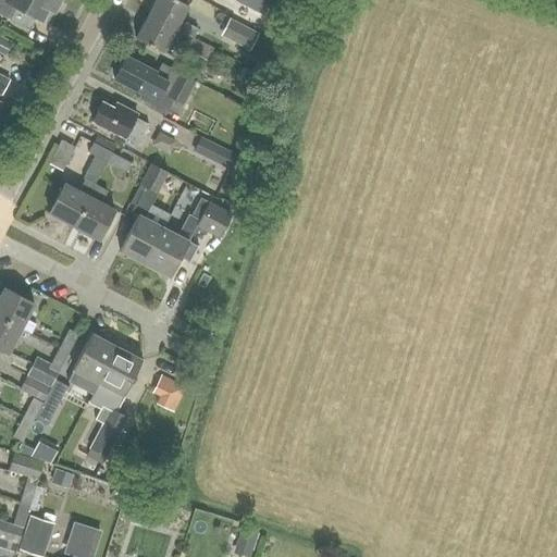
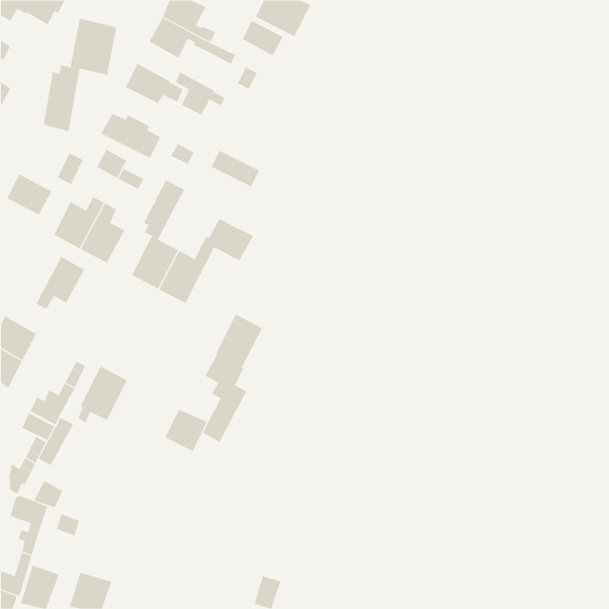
building: none -> [43,18,117,132]
building: none -> [7,173,52,215]
building: none -> [35,256,85,309]
building: [86,347,141,465] -> [202,314,263,443]

